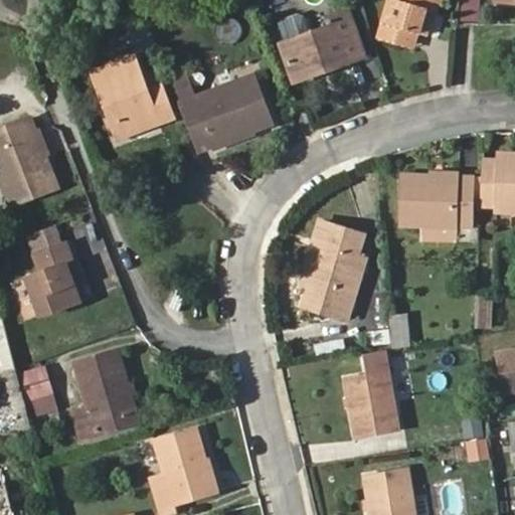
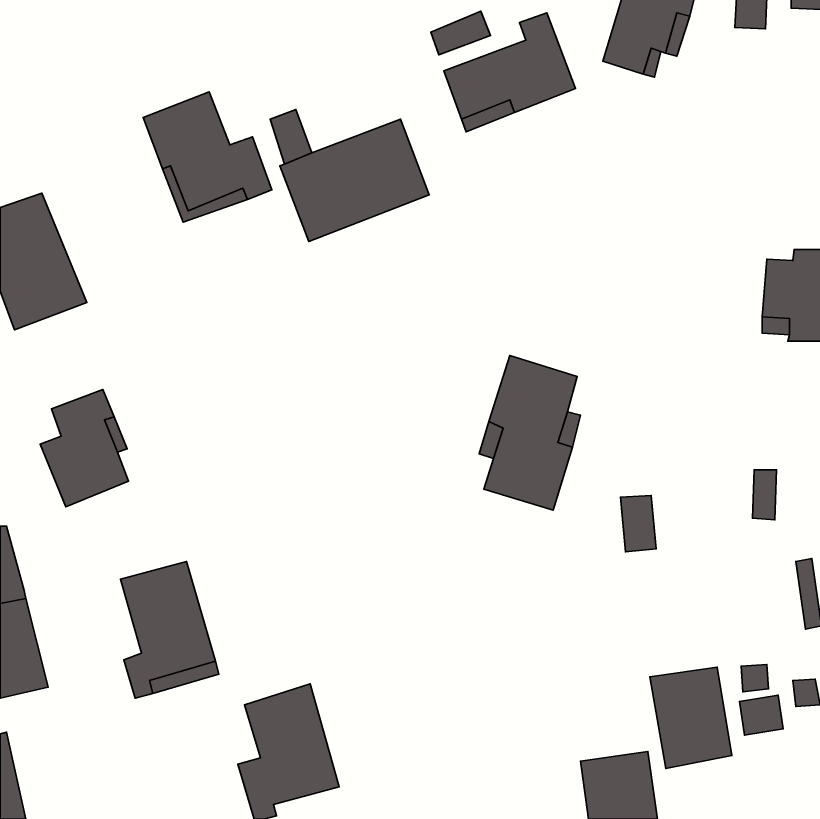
building: [400,179,473,238] -> none
building: [18,361,59,414] -> none
building: [344,373,395,437] -> [650,667,732,768]

